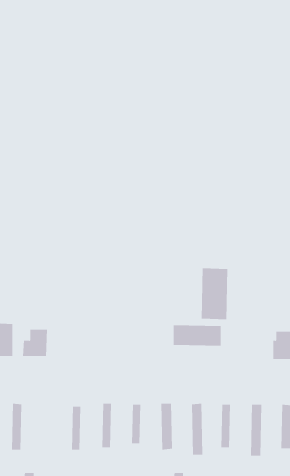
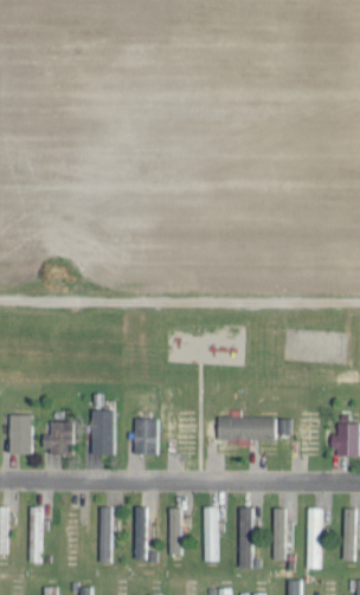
building: [201,268,228,320] -> none
building: none -> [91,409,115,454]
building: none -> [135,419,157,455]

